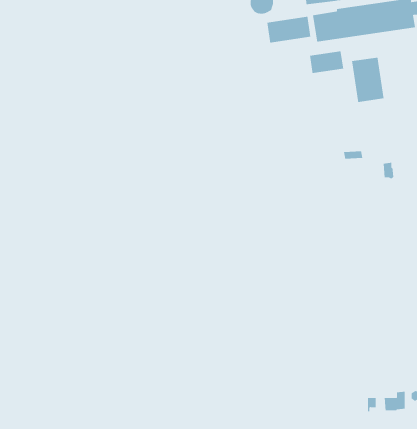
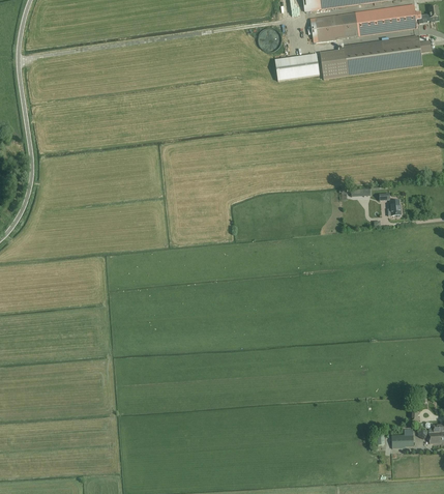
building: [309,50,344,74] -> none
building: [351,57,384,103] -> none

